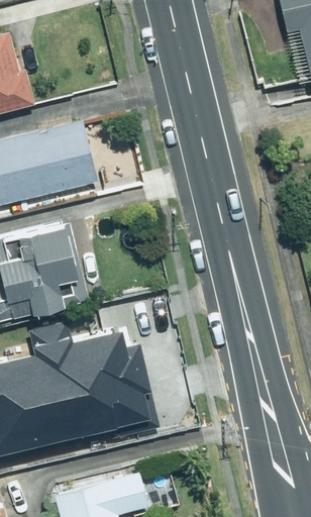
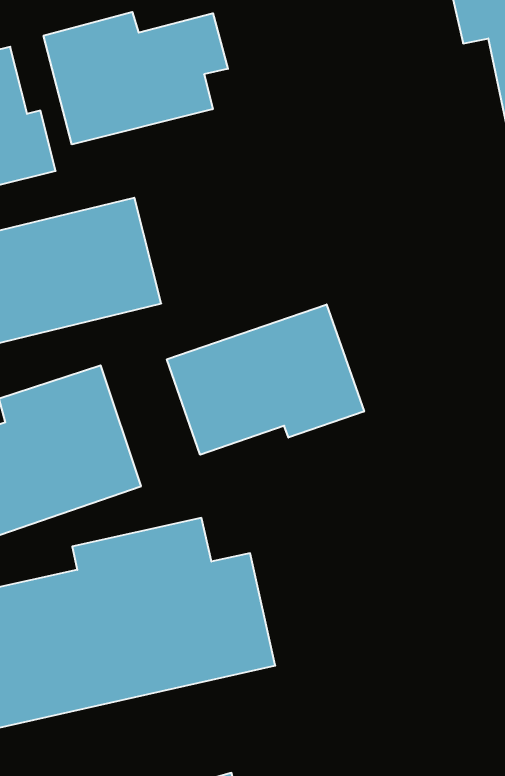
building: none -> [44,12,228,144]
building: none -> [167,304,364,455]

